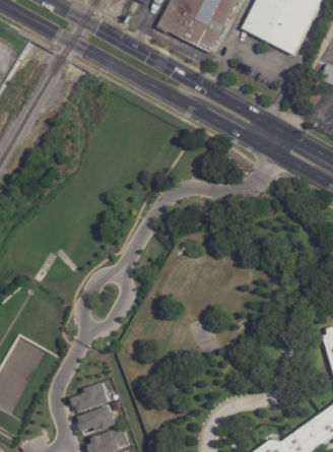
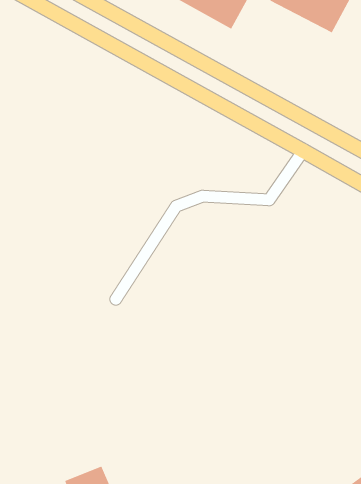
building: [70,384,108,411] -> none

